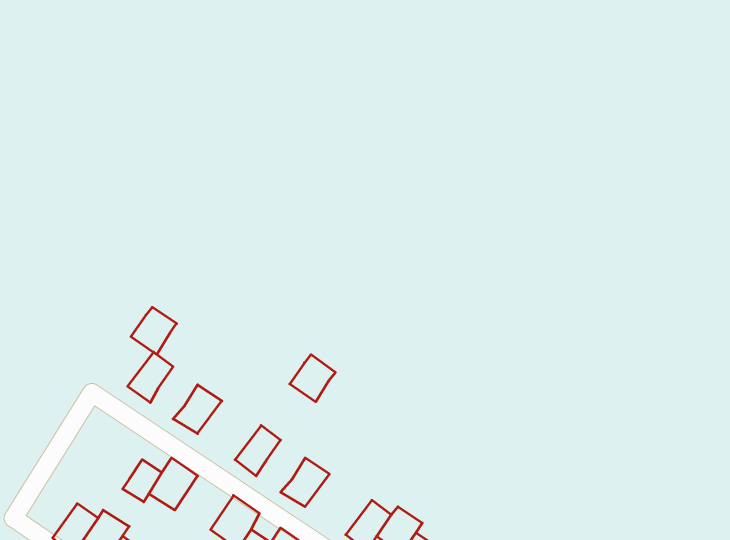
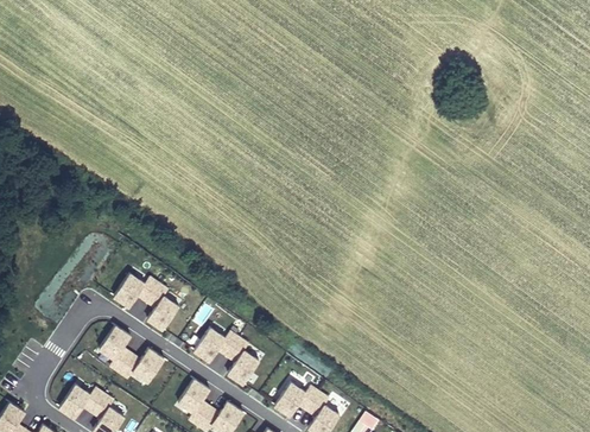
building: [131,307,177,354] -> [137,277,170,311]
building: [290,355,335,402] -> [215,330,248,364]
building: none -> [95,326,132,364]

